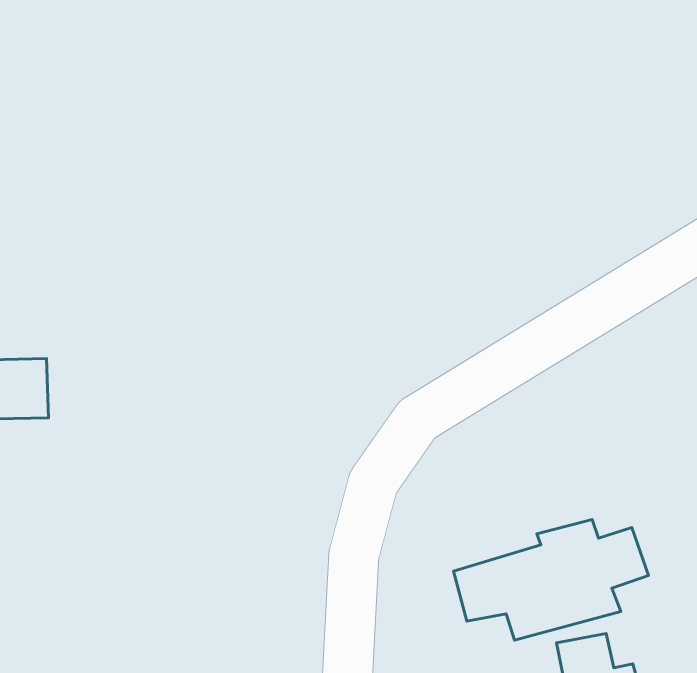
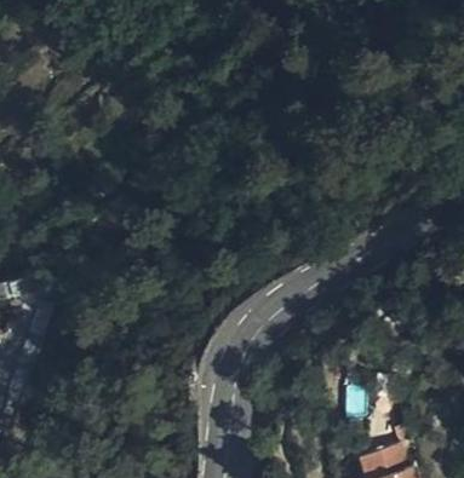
building: [453,519,648,640] -> none

